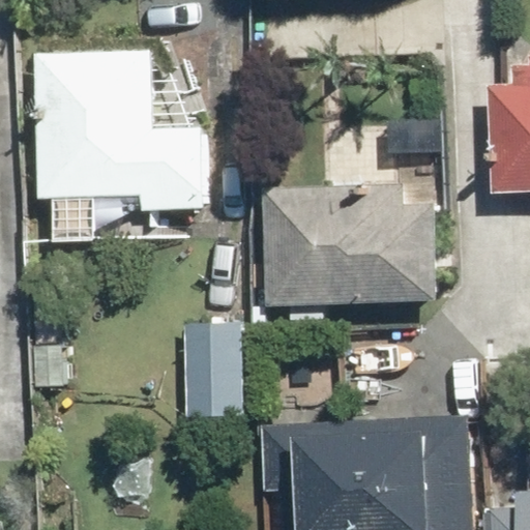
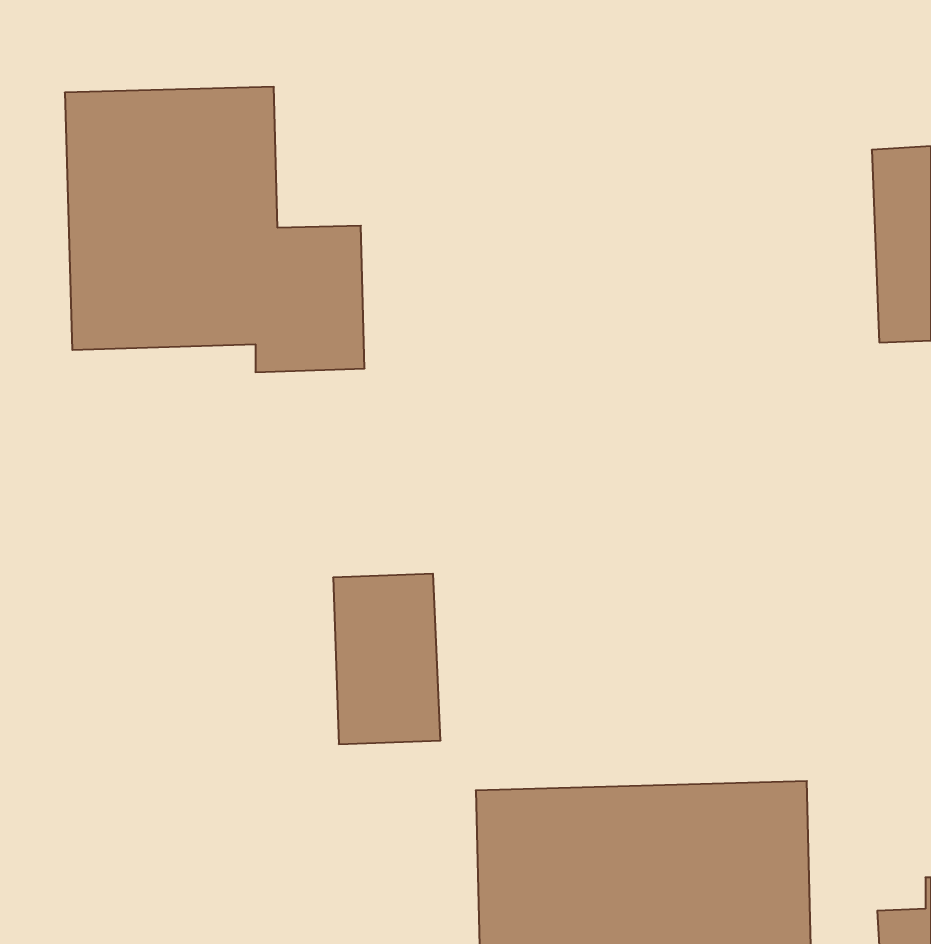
building: [264,184,437,303] -> none

